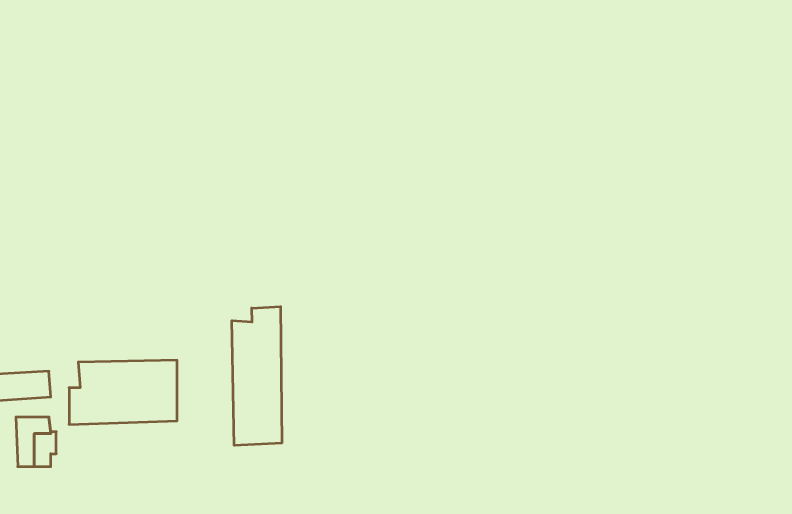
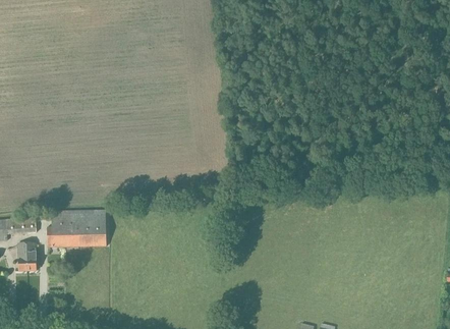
building: [232,307,282,445] -> none

